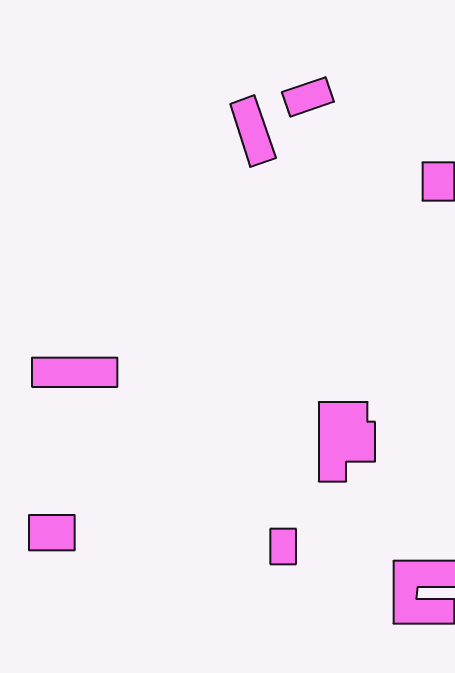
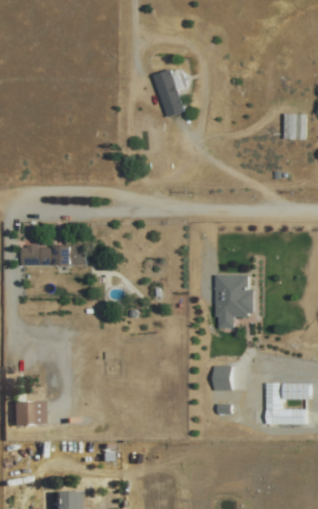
building: [282,77,334,117] -> none
building: [29,515,75,550] -> [12,402,43,425]
building: [270,529,296,564] -> [215,367,232,390]

